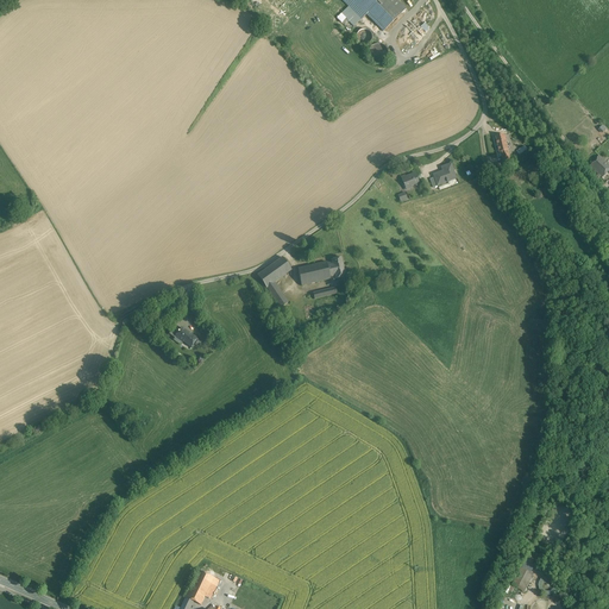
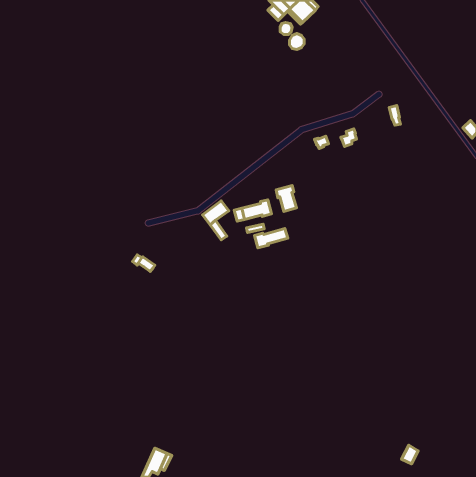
building: none -> [276,186,296,211]
building: none -> [254,229,288,248]

